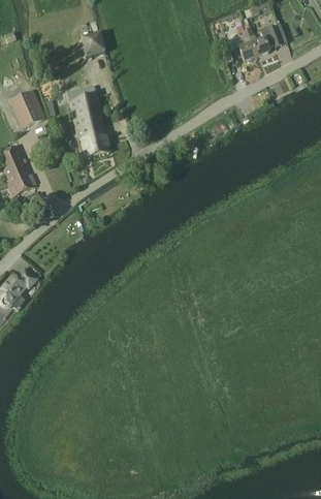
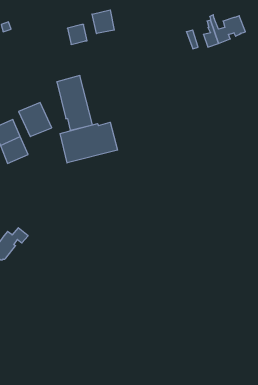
building: none -> [92,10,114,34]
building: [8,89,46,128] -> [19,103,52,137]
building: none -> [60,122,118,163]

